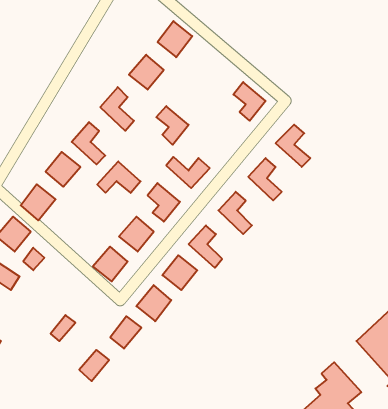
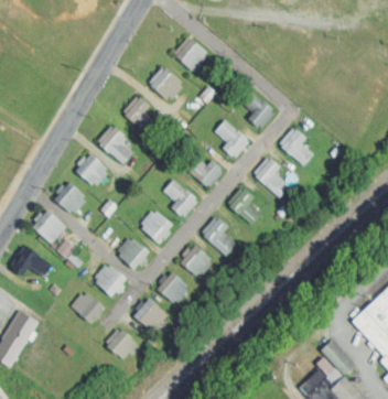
building: [156,106,189,145] -> [217,121,246,155]
building: [97,161,141,193] -> none
building: none -> [95,265,126,295]

